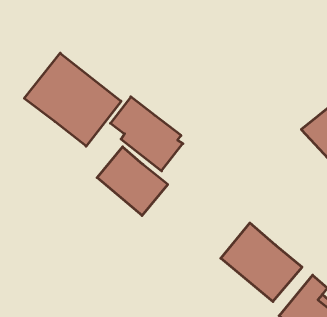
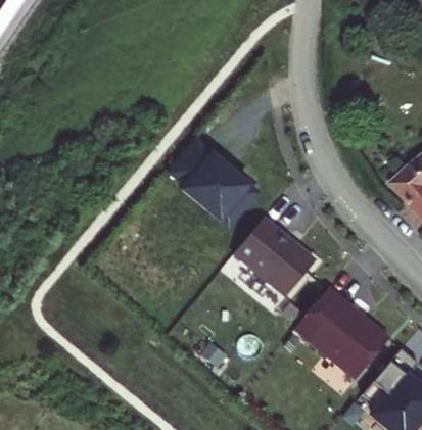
building: [24,53,121,146] -> none
building: [97,147,168,216] -> [235,219,317,298]

